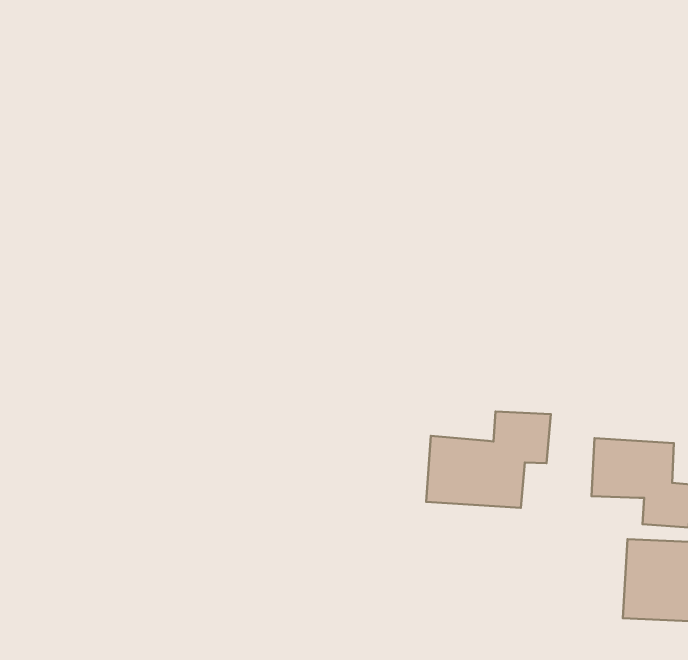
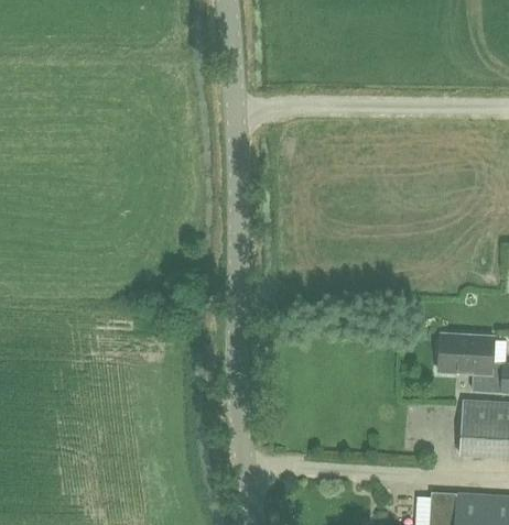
building: [426,411,551,508] -> none

